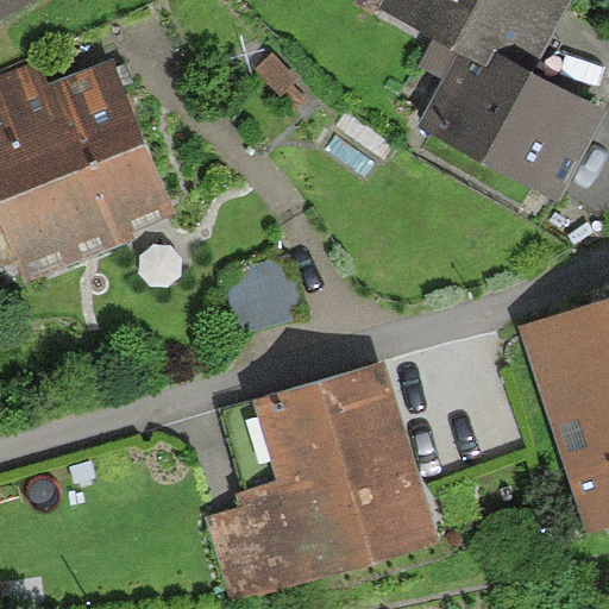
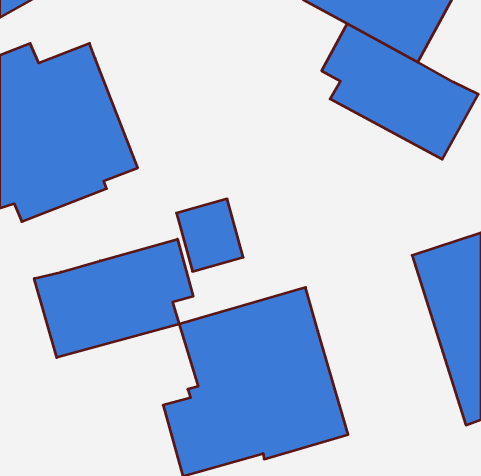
building: none -> [34,239,193,358]

